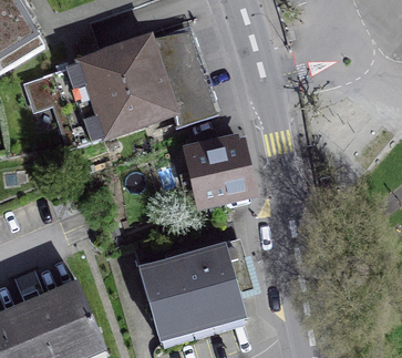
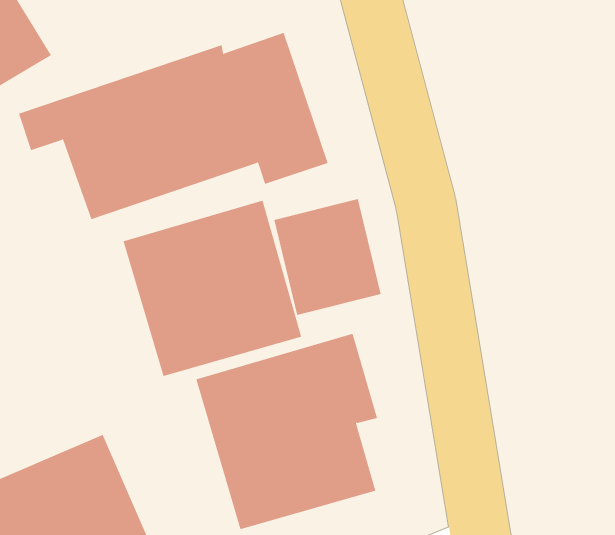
building: none -> [123,200,302,377]

